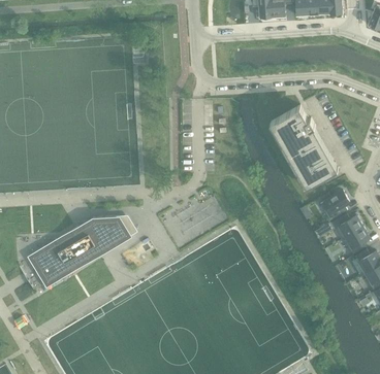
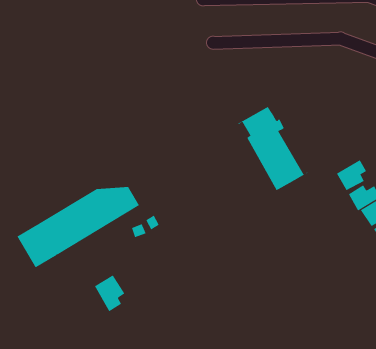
building: [271,105,338,185] -> [238,106,309,191]
building: none -> [94,275,125,312]

